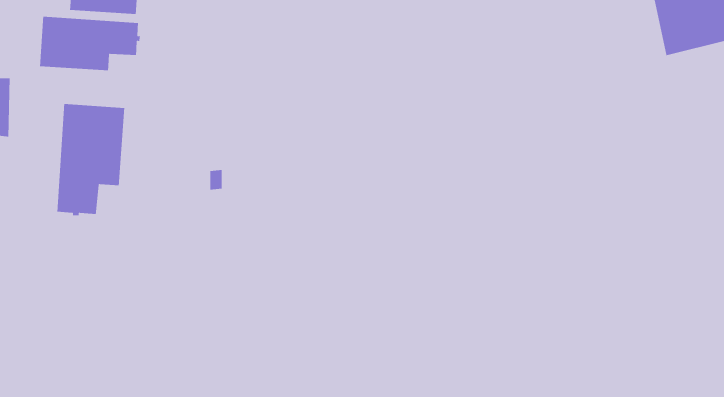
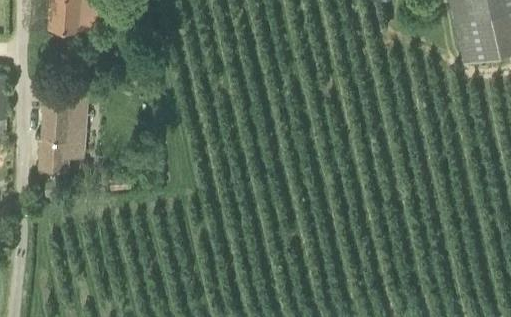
building: [39,16,141,71] -> none

